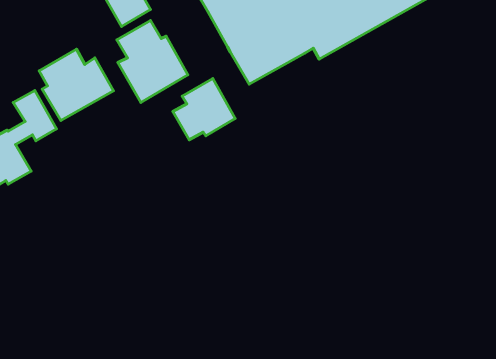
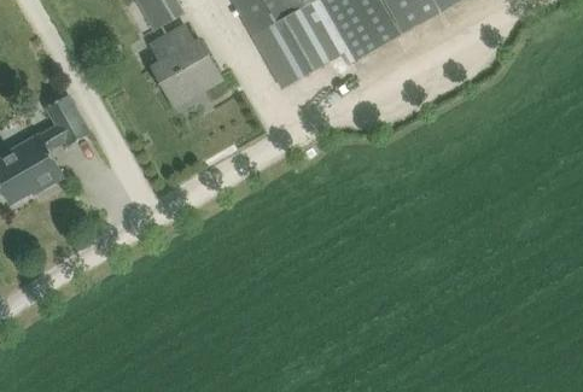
building: [39,49,114,120] -> none
building: [173,79,235,140] -> none

